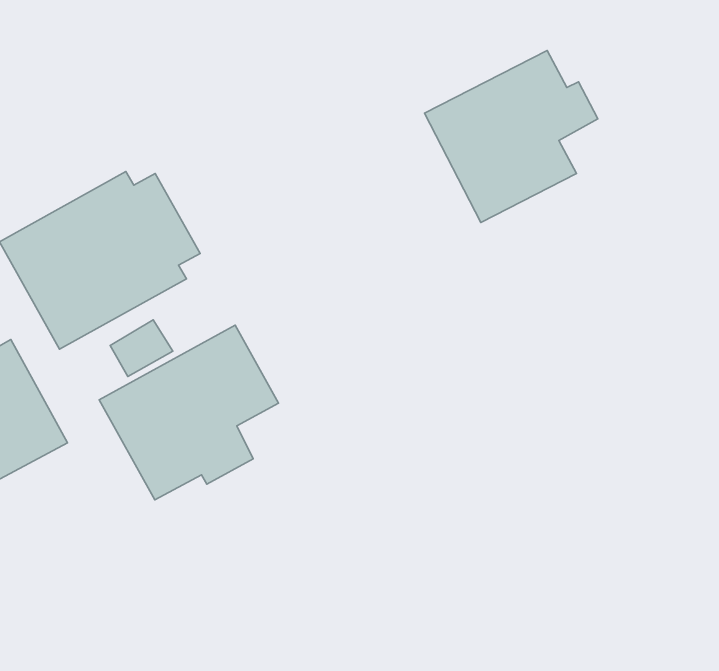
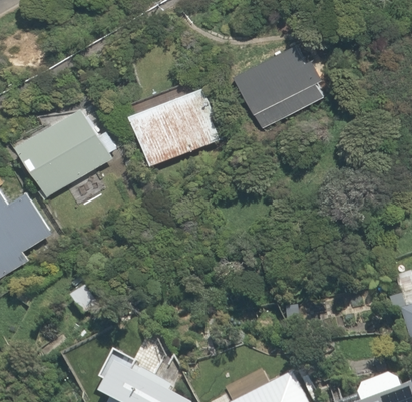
building: none -> [128,81,217,166]
building: [99,325,278,500] -> none

